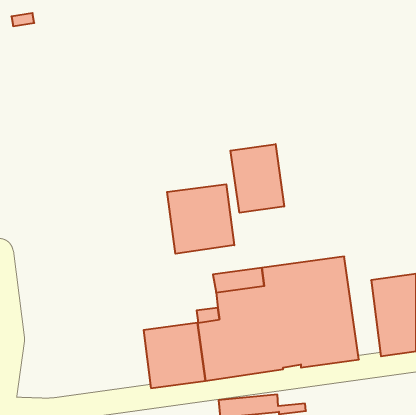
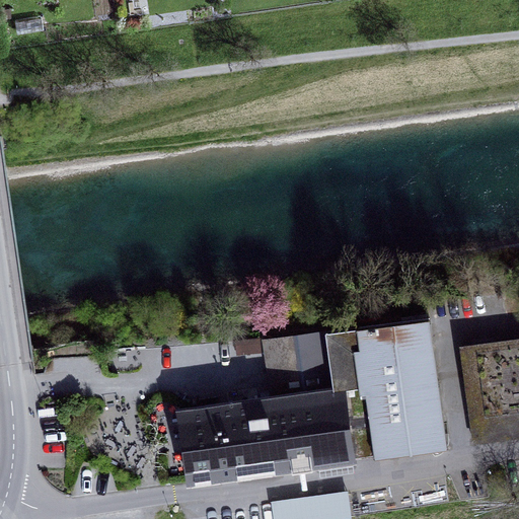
building: [230,144,284,213] -> none
building: [167,184,234,254] -> none

